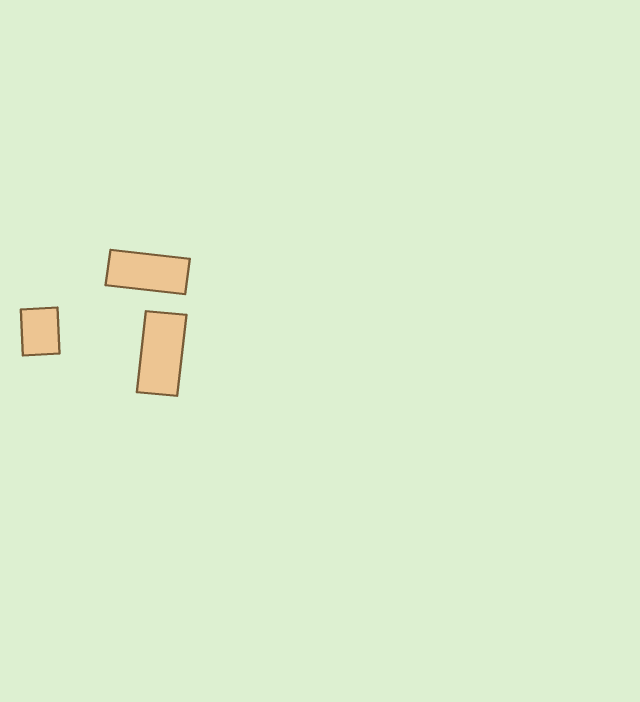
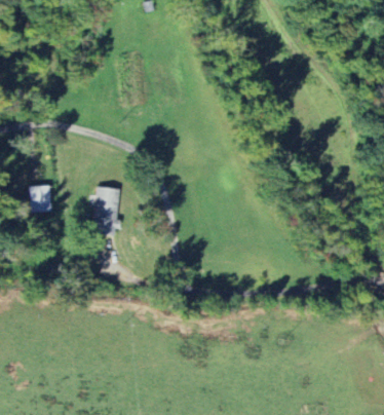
building: [106,250,190,294] -> none

